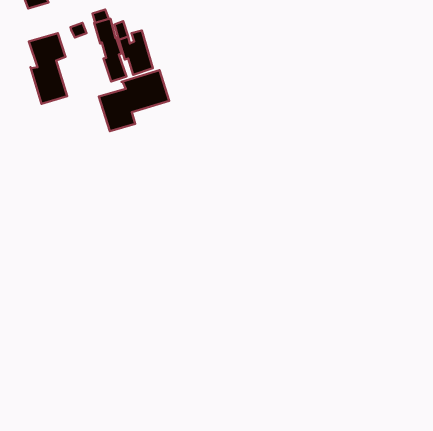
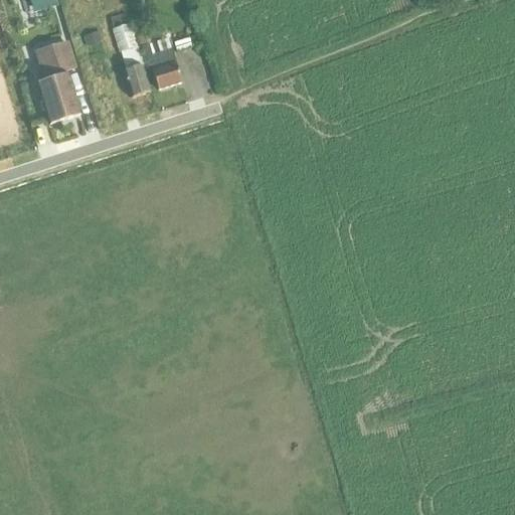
building: [99,70,169,131] -> none

